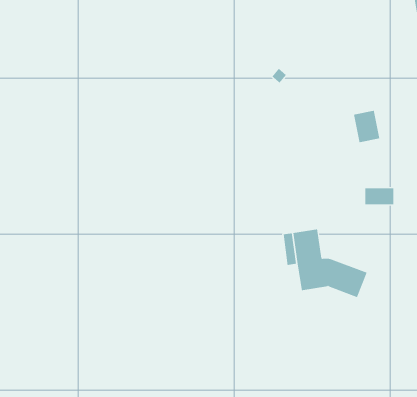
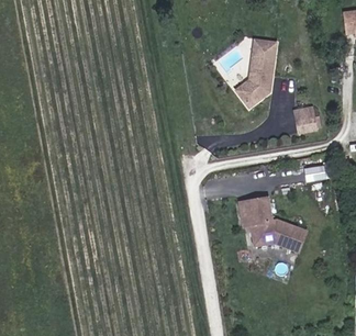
building: none -> [238,43,277,104]

